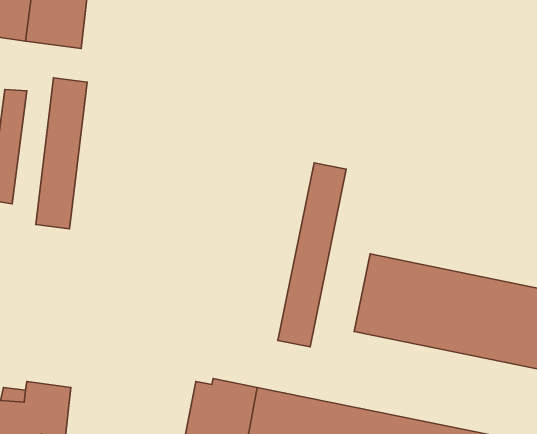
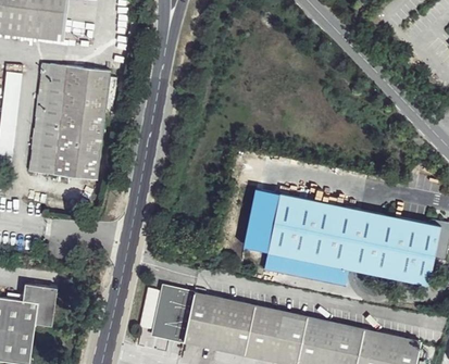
building: none -> [55,66,111,179]
building: [278,163,346,347] -> none

